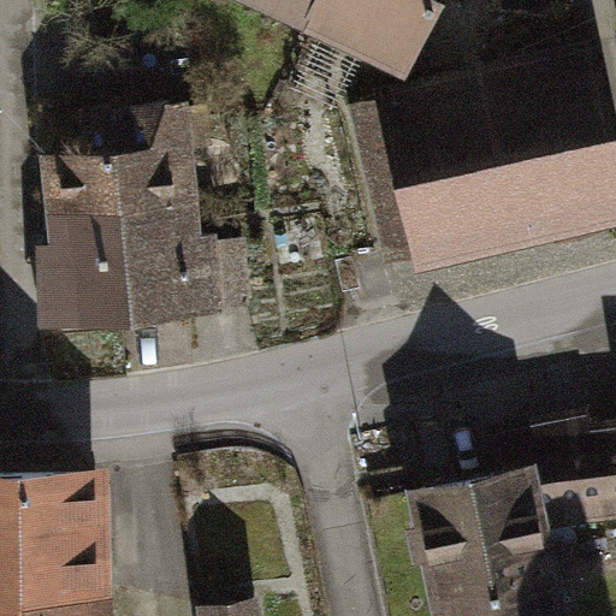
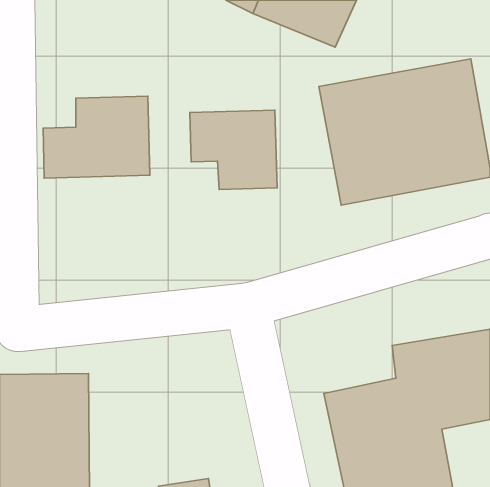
building: none -> [190,110,277,189]
building: [55,225,235,332] -> none

